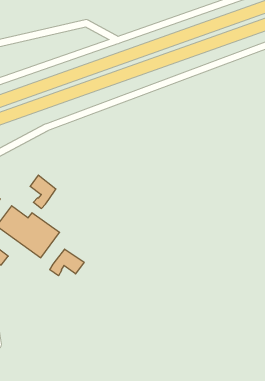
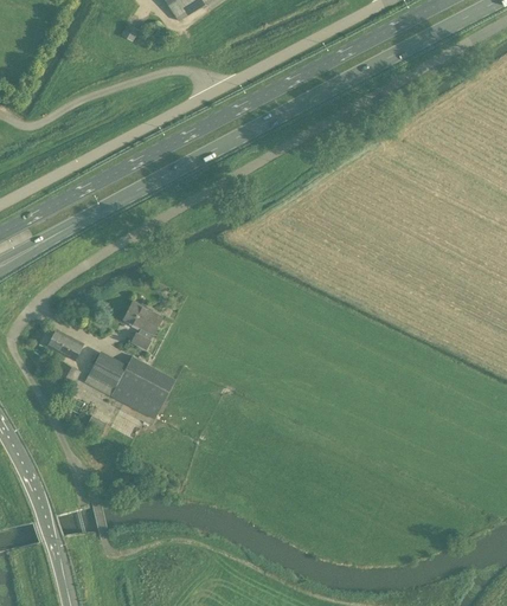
building: [50,249,84,276] -> none

